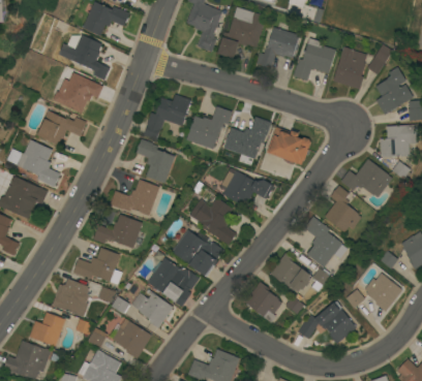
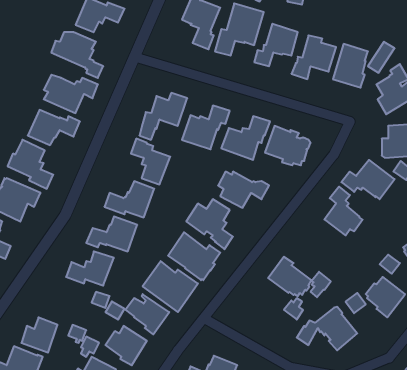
building: [304,216,349,267] -> none
building: [53,279,89,317] -> none
building: [245,282,282,322] -> none

